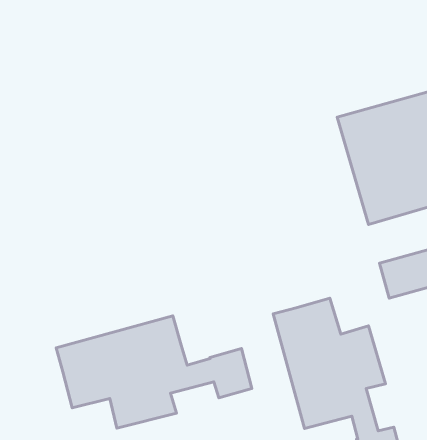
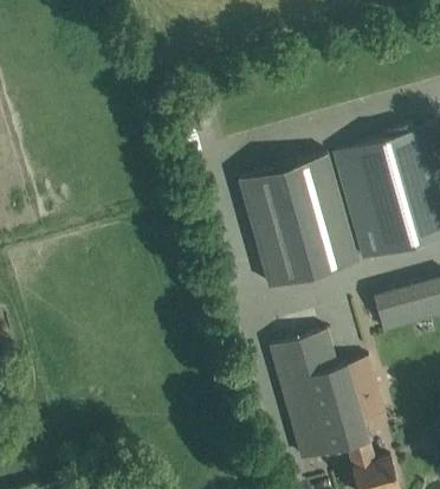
building: none -> [239,155,357,288]
building: [56,316,252,428] -> none

